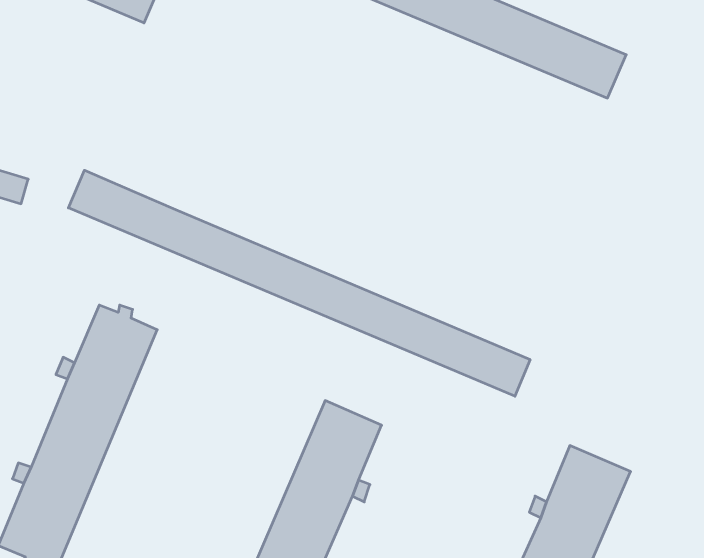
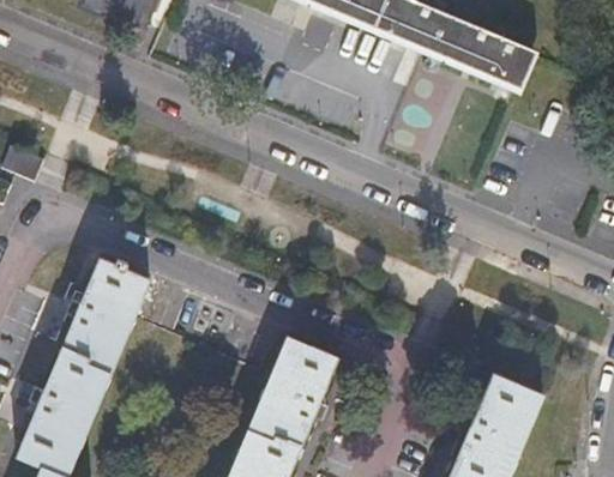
building: [68,170,530,396] -> none

